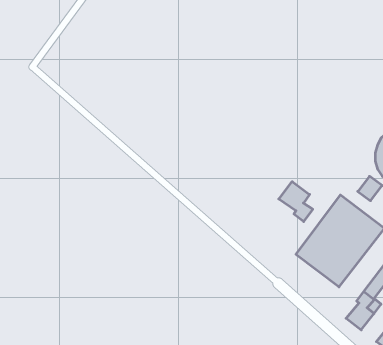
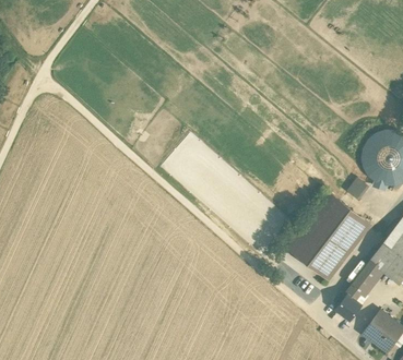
building: [279,182,313,222] -> none

